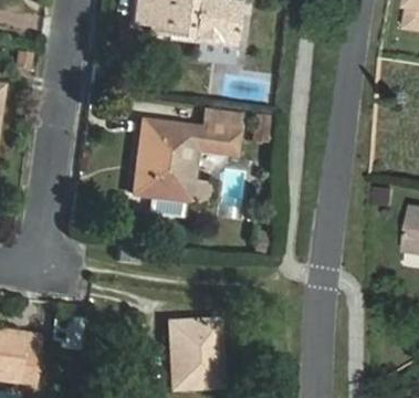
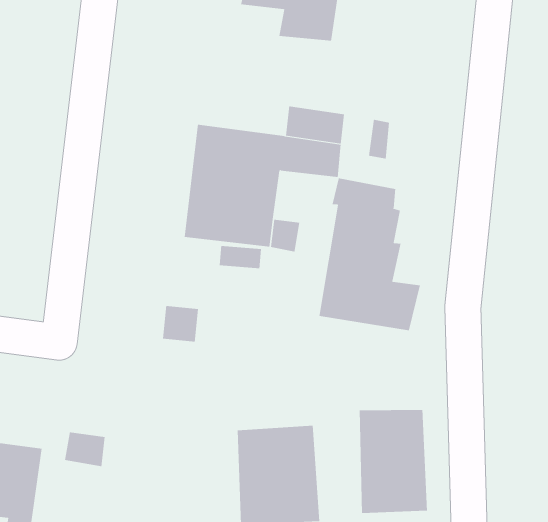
building: none -> [319,177,421,331]
building: none -> [359,409,427,514]

